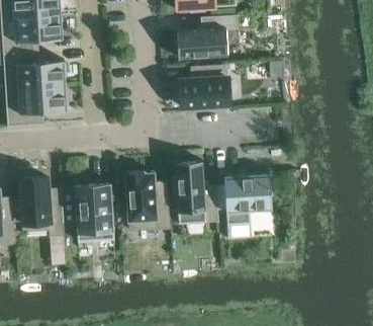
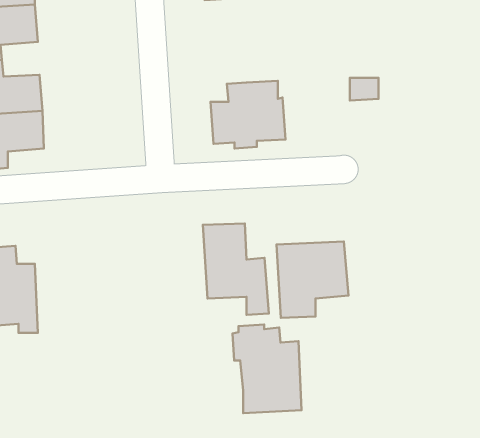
building: [176,16,238,60] -> none
building: [122,171,169,231] -> [233,325,302,413]
building: [74,183,113,235] -> none

